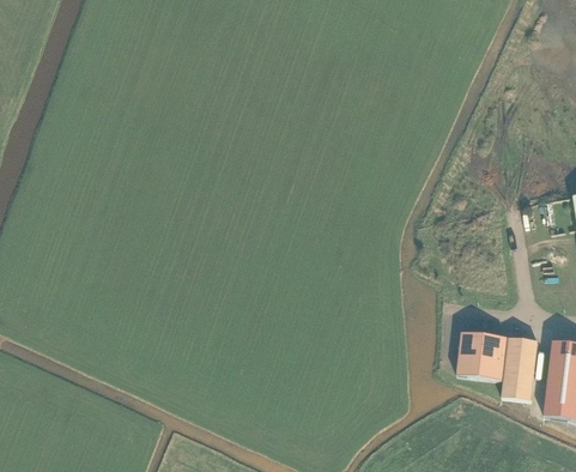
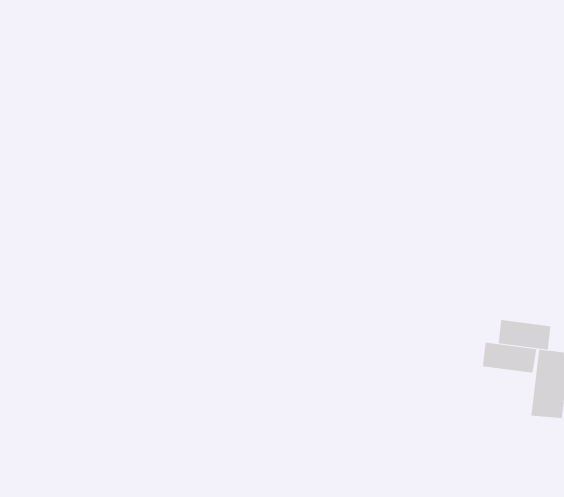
building: [457,352,505,380] -> [498,319,551,350]

